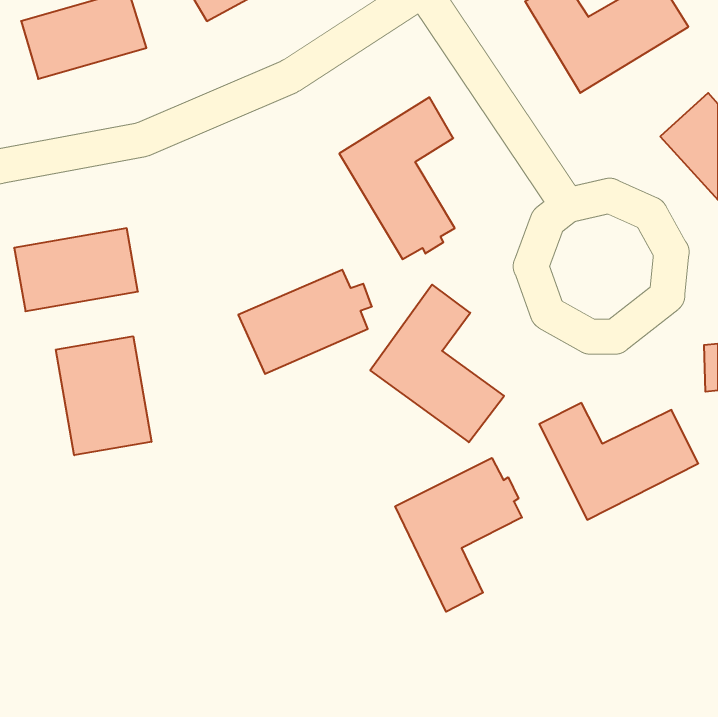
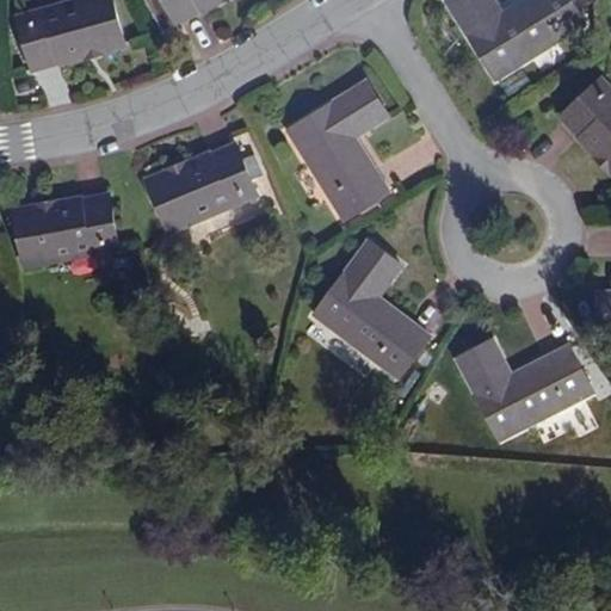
building: [238,270,372,374] -> [146,142,259,230]
building: [56,336,151,455] -> none
building: [395,458,522,612] -> none

